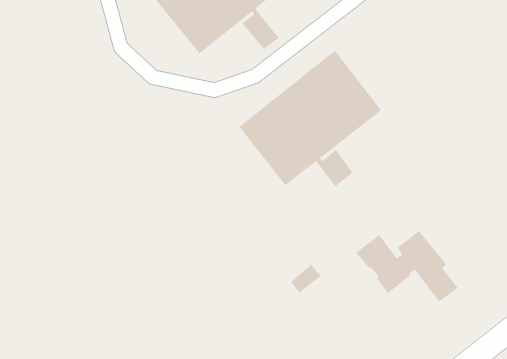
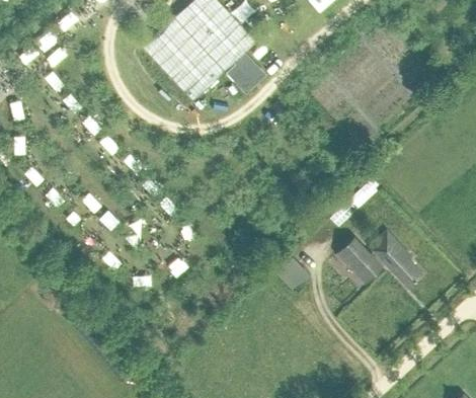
building: [238,50,382,187] -> none

